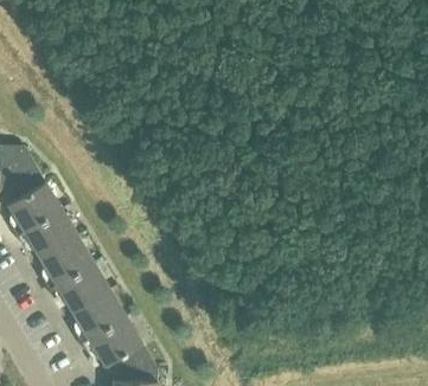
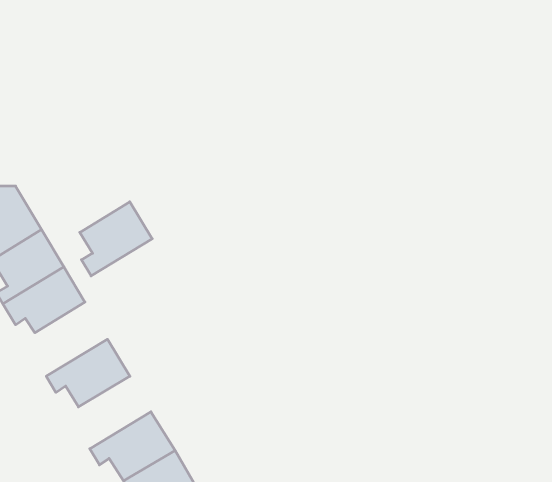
building: [38,231,91,285] -> [80,202,152,276]
building: [70,285,123,339] -> none

